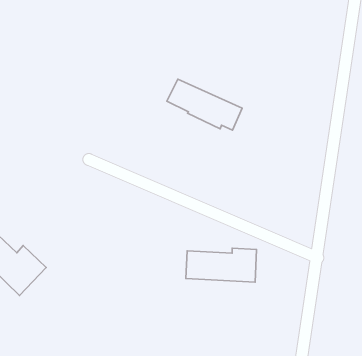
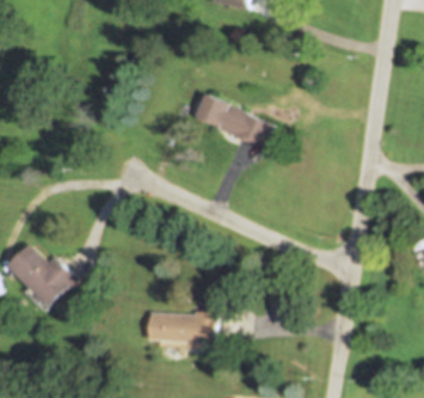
building: [186,248,257,282] -> [147,310,216,343]

